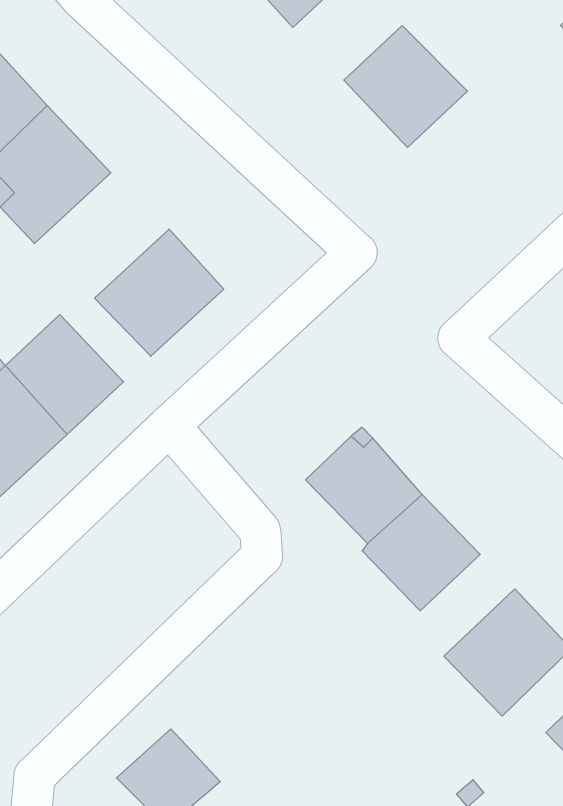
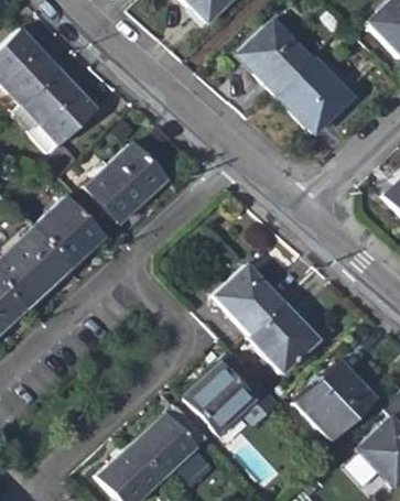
building: none -> [277,58,347,132]
building: none -> [185,363,256,434]
building: none -> [133,415,210,482]

